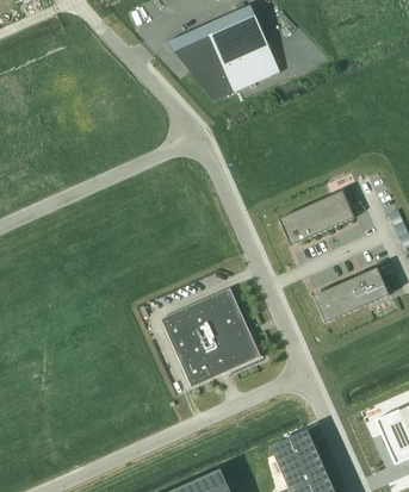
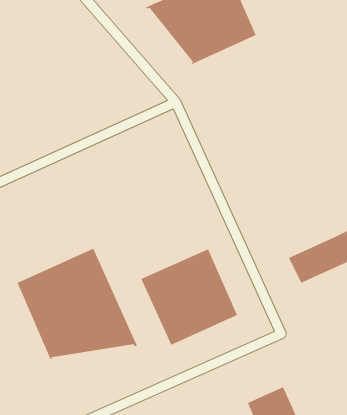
building: [278,191,354,247] -> none
building: none -> [17,248,138,360]

